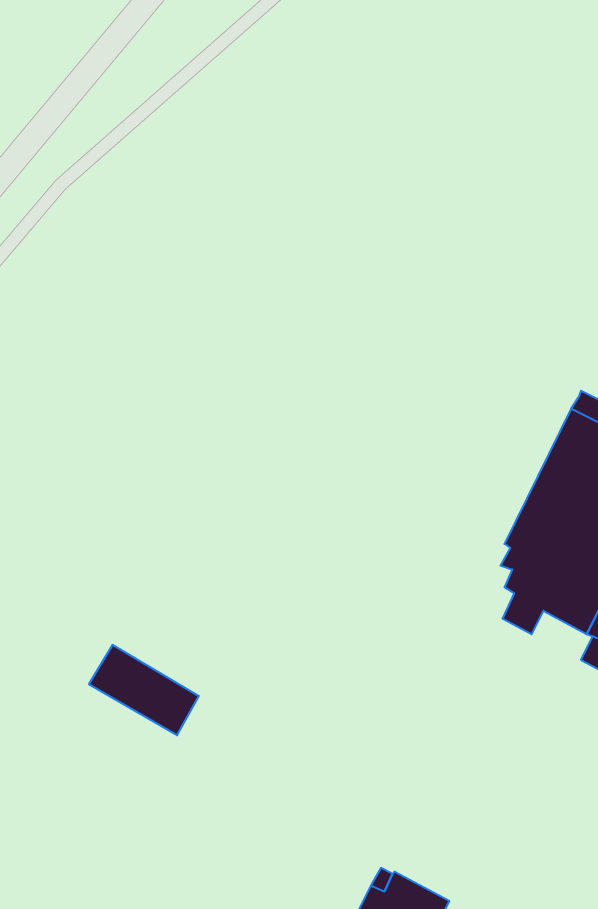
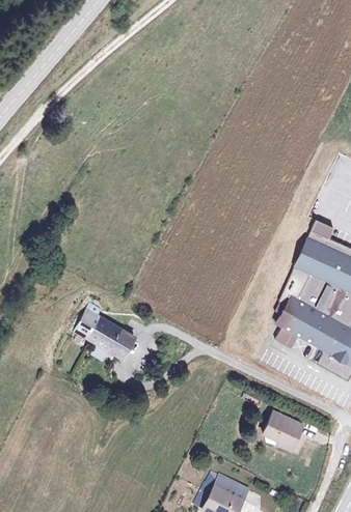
building: [89,645,199,735] -> [77,311,135,359]
building: none -> [264,411,302,446]

